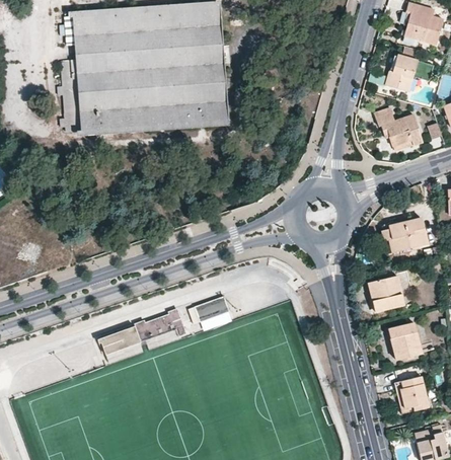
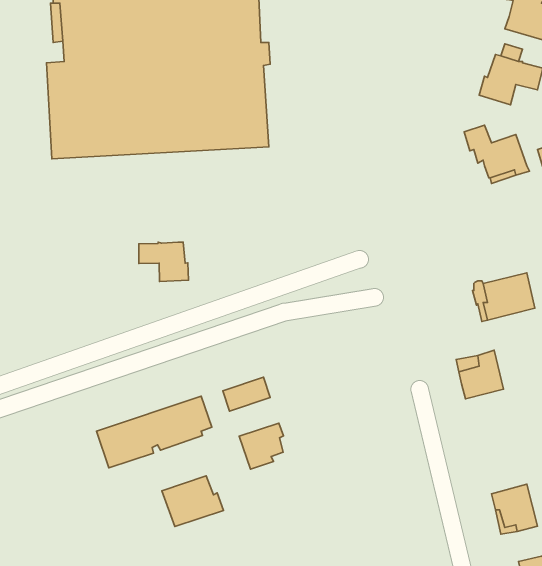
building: none -> [139,242,189,282]
building: [388,323,421,360] -> none
building: none -> [239,423,283,469]
building: none -> [162,476,223,527]

